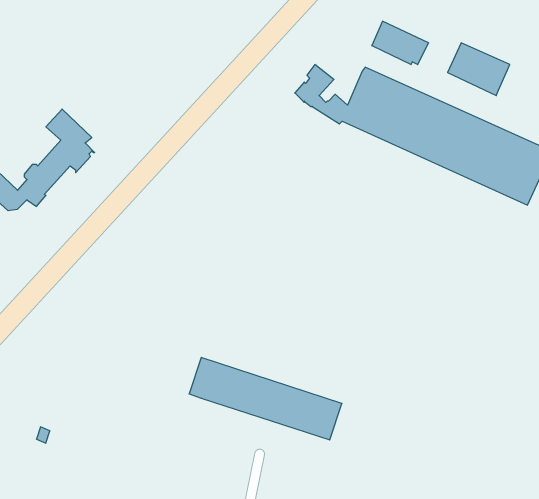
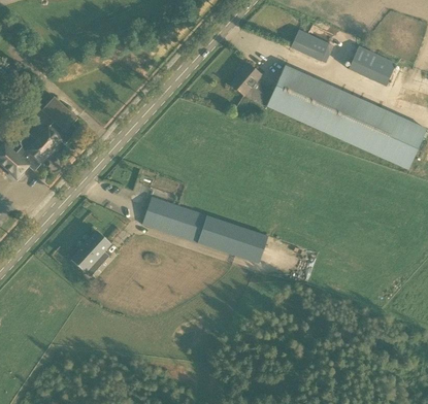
building: none -> [71,231,111,271]
building: [189,357,342,440] -> [143,197,260,260]

